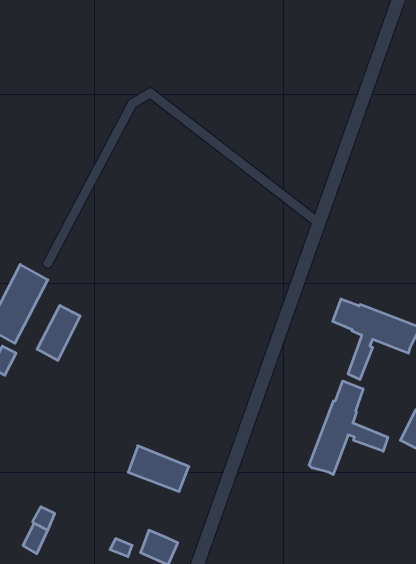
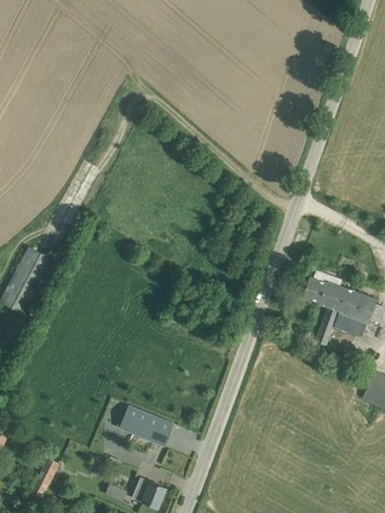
building: [37,305,80,360] -> none
building: [309,381,388,475] -> none

